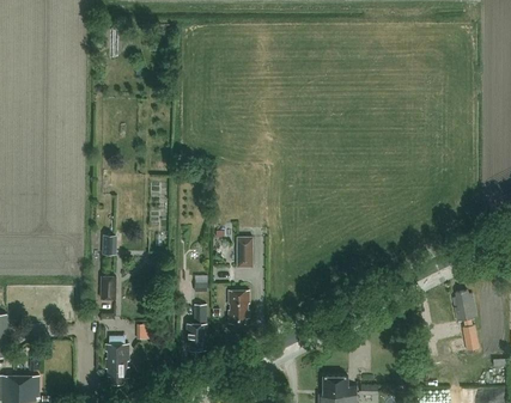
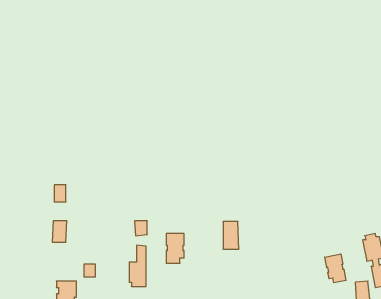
building: [237,237,255,268] -> [223,222,239,249]
building: none -> [325,254,346,283]

